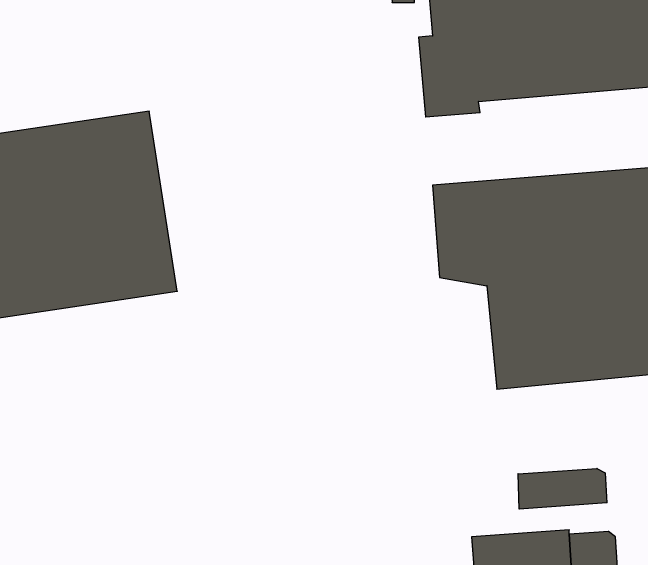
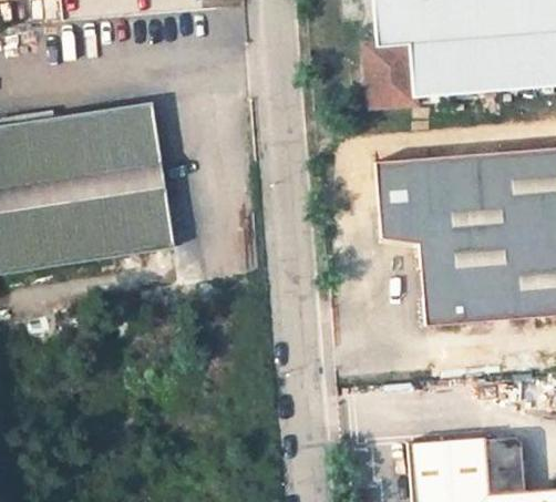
building: [518,468,607,509] -> none

